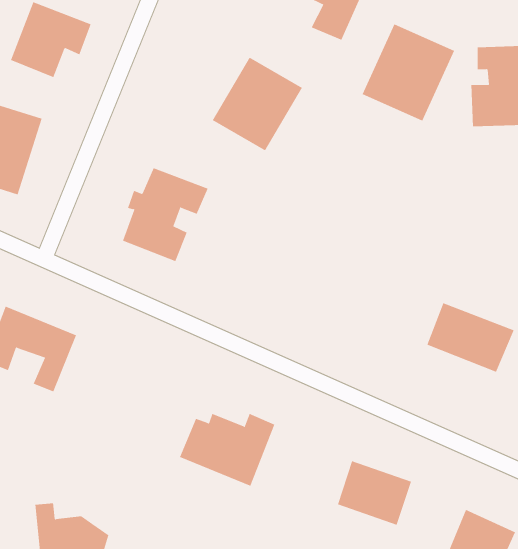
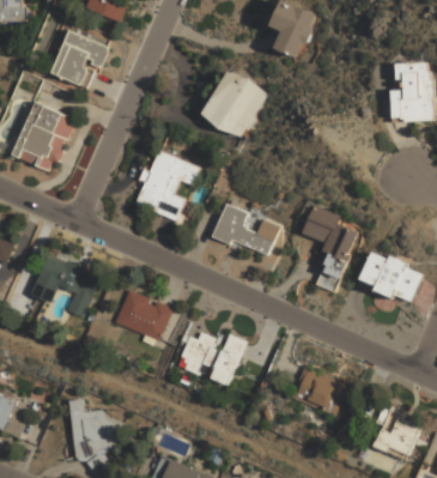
building: [362,23,455,122] -> none
building: none -> [207,204,278,254]
building: none -> [302,205,356,292]
building: none -> [114,289,172,341]

